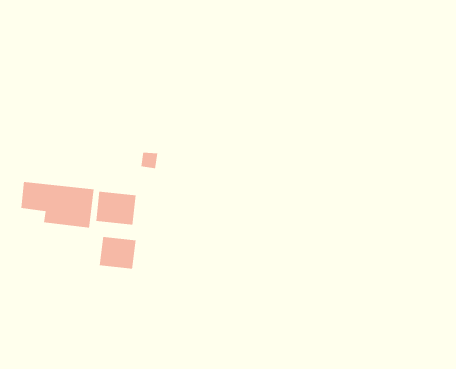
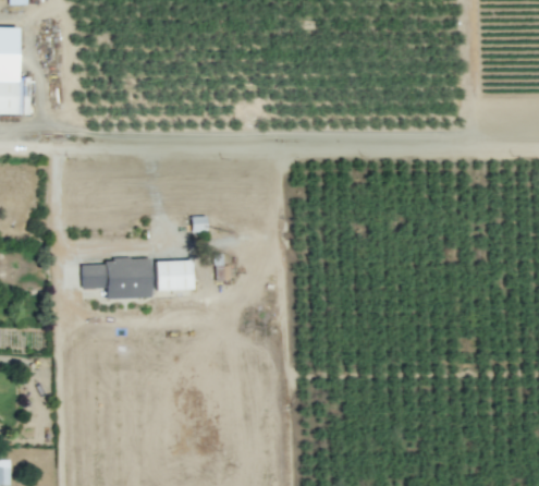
building: [99,236,136,269] -> none

